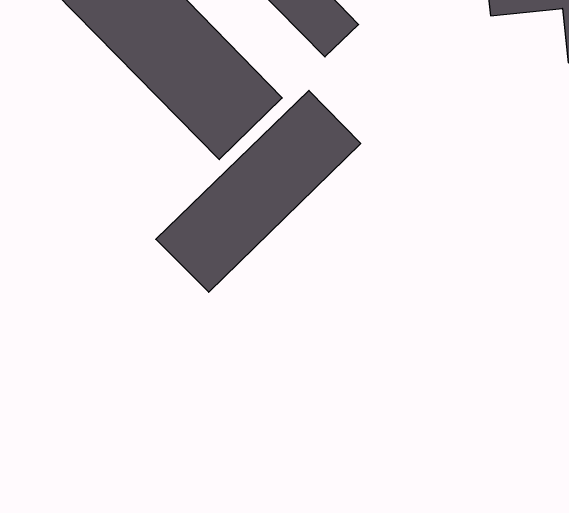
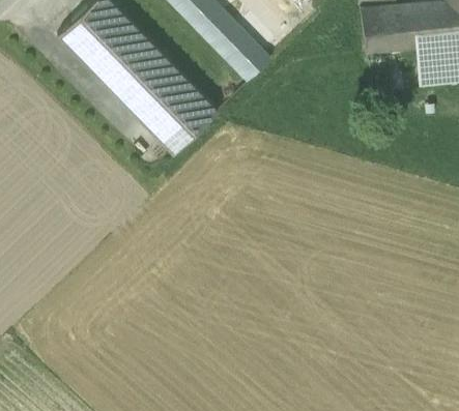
building: [156,90,361,292] -> none

